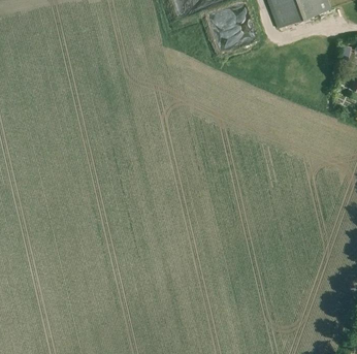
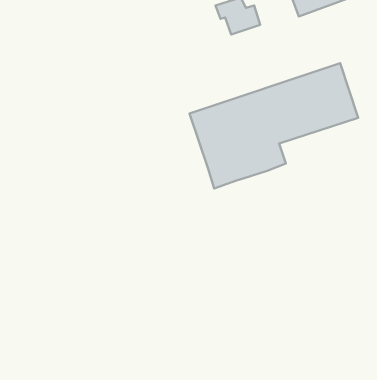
building: none -> [189,63,358,188]

